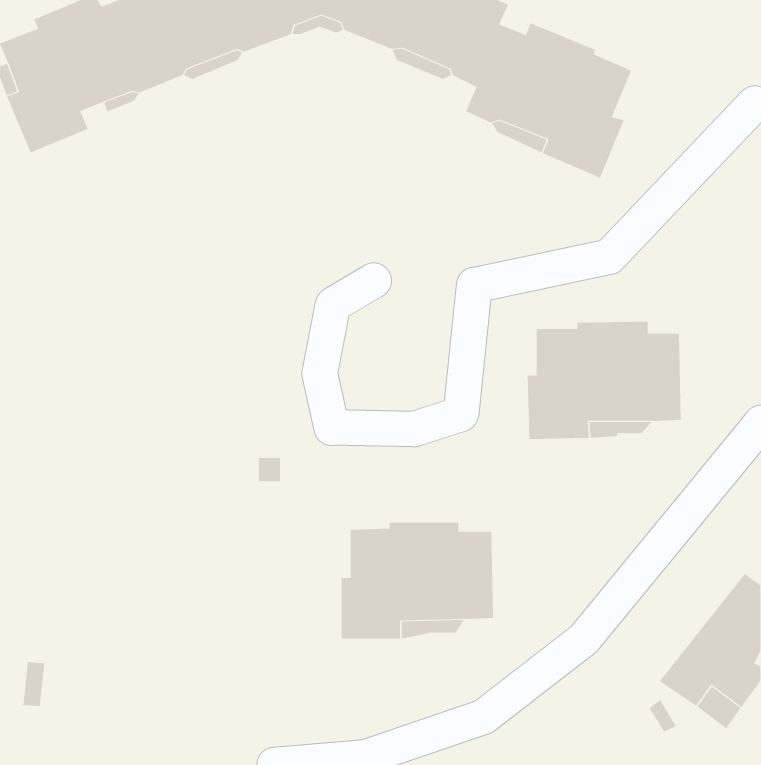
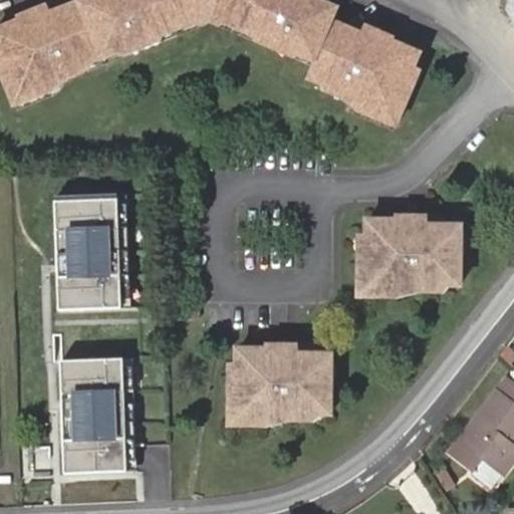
building: none -> [53,192,123,309]
building: none -> [59,356,128,474]

